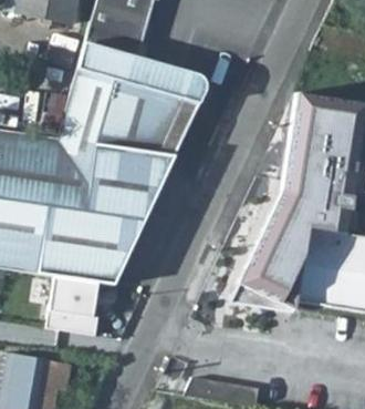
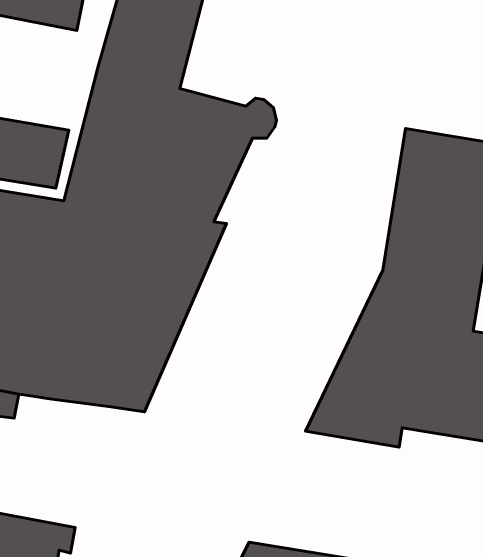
building: [45,278,97,336] -> none

